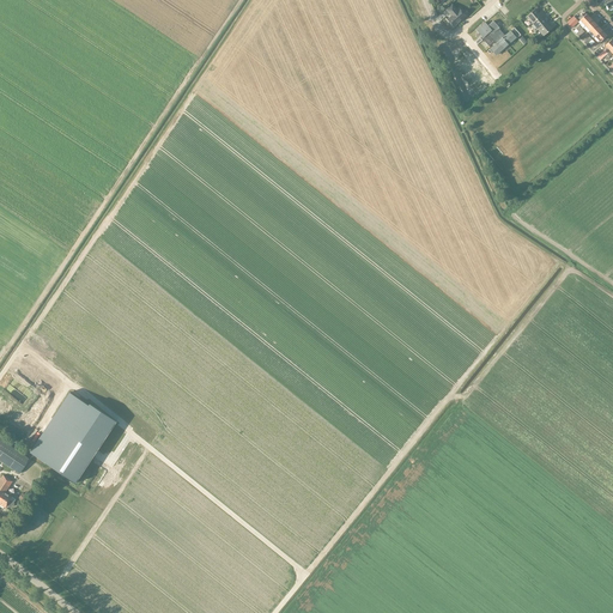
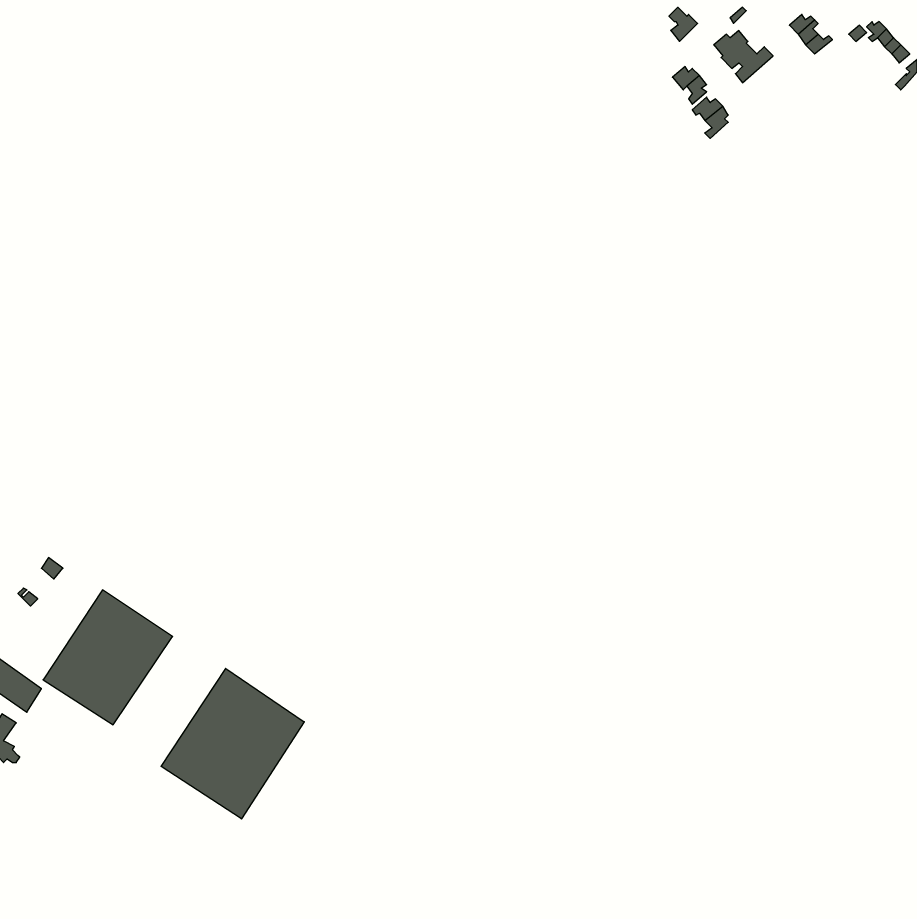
building: none -> [161,668,304,819]

